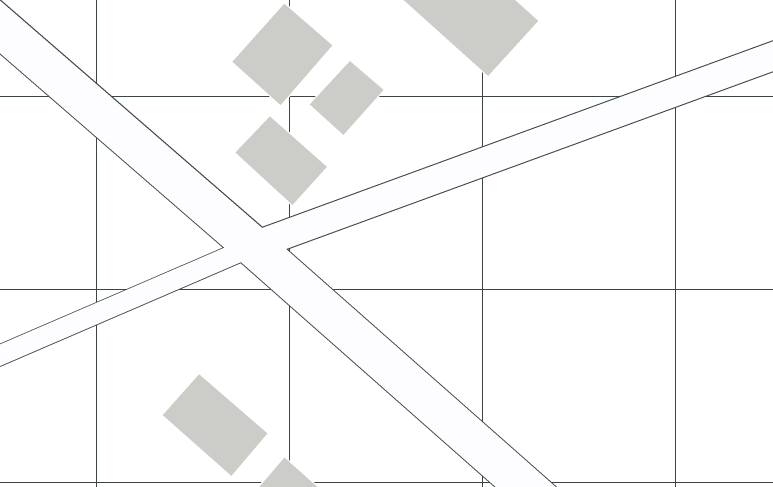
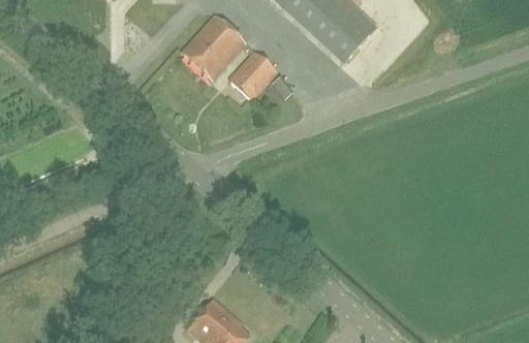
building: [234,116,328,206] -> none
building: [162,373,268,477] -> none

